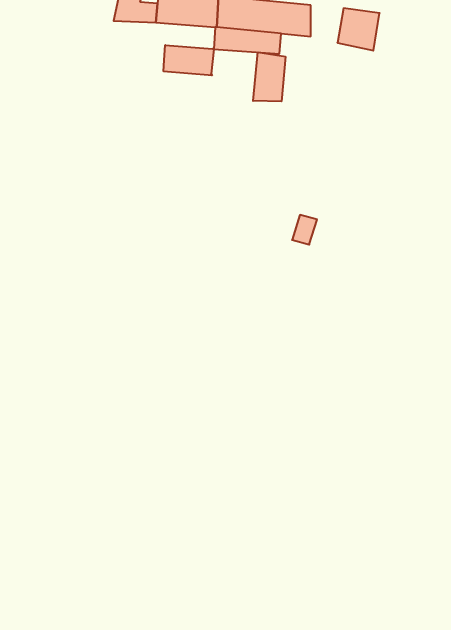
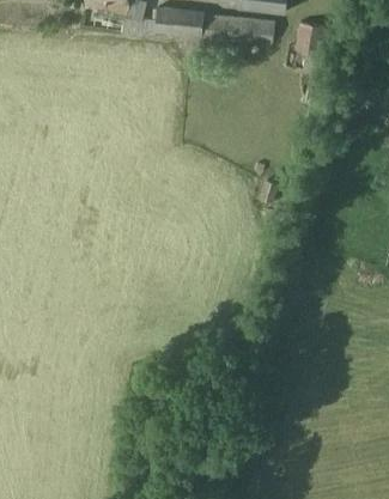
building: [164,45,214,75] -> none
building: [253,52,285,101] -> none

